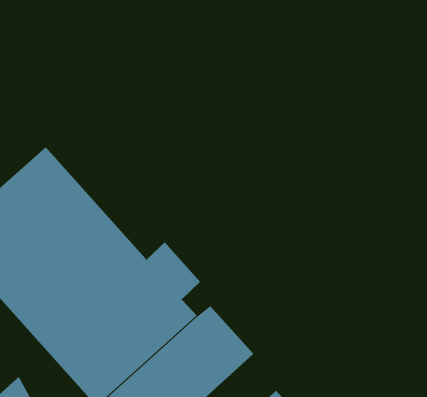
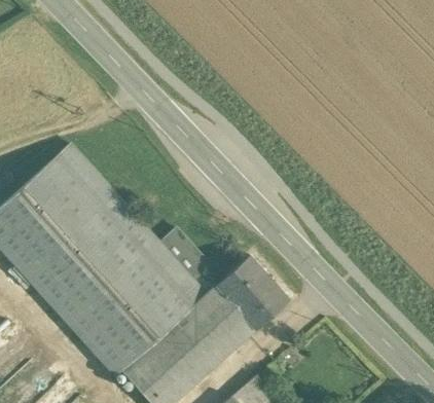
building: none -> [216,255,288,328]

